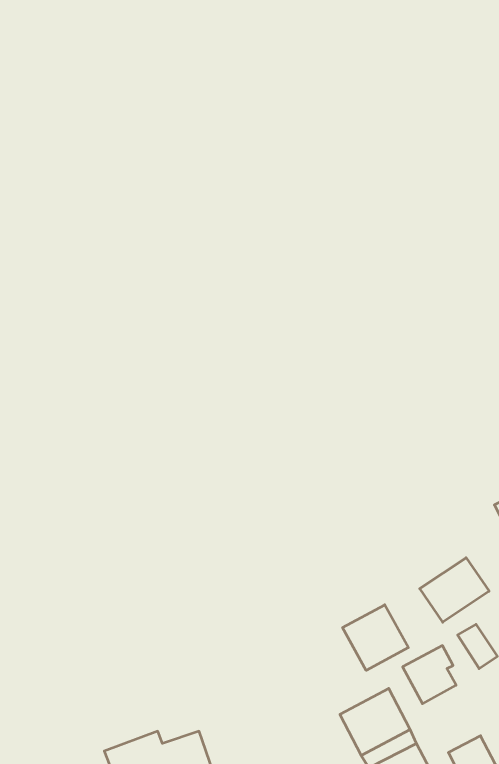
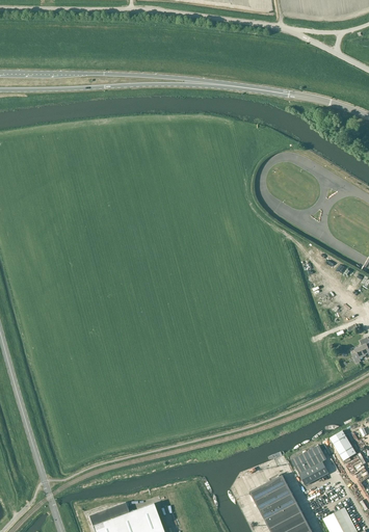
building: [420,558,489,622] -> none
building: [343,605,408,670] -> none

